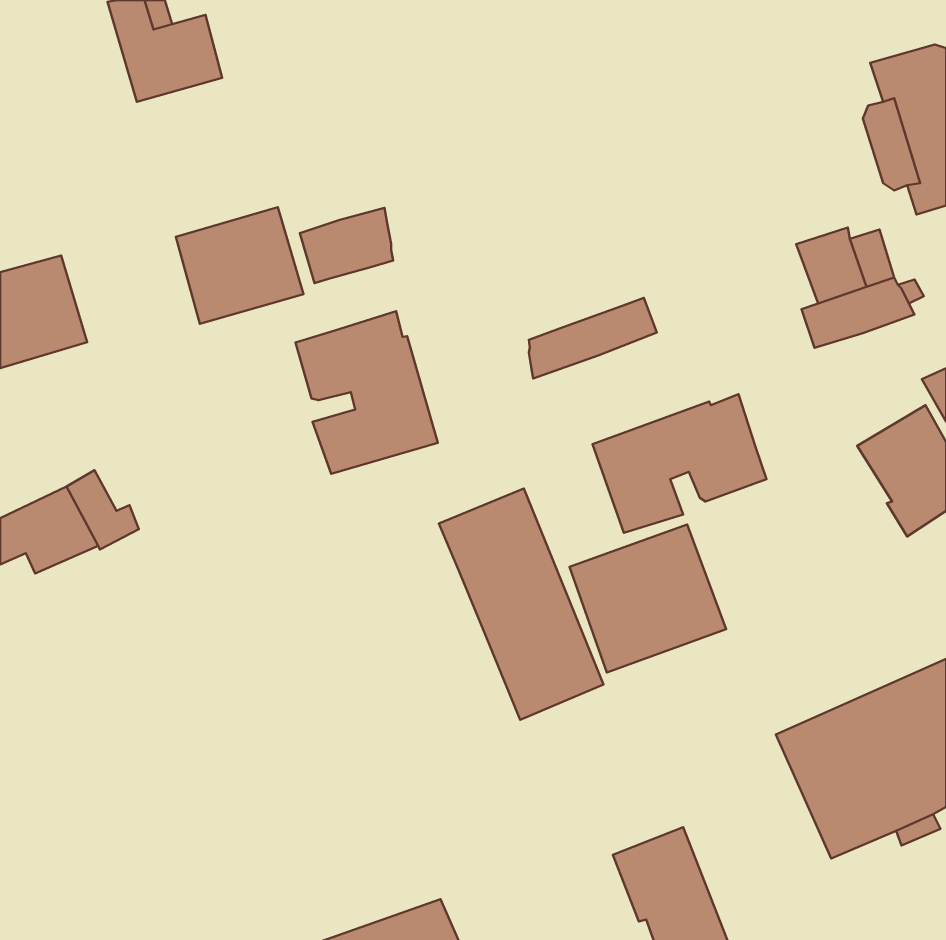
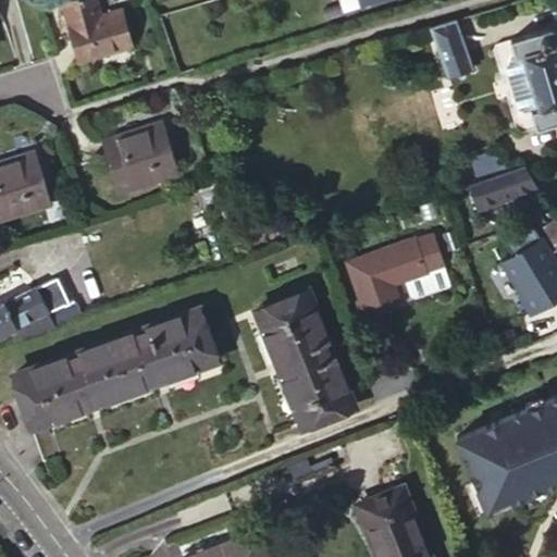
building: none -> [432,22,472,77]
building: [300,208,393,283] -> none
building: [529,298,657,378] -> none
building: [295,311,438,474] -> none
building: [570,525,726,673] -> none
building: none -> [14,312,218,426]

